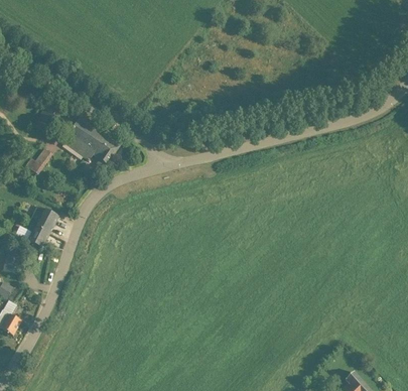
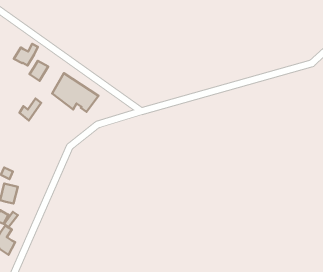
building: none -> [14,44,38,66]
building: [26,207,57,249] -> none

